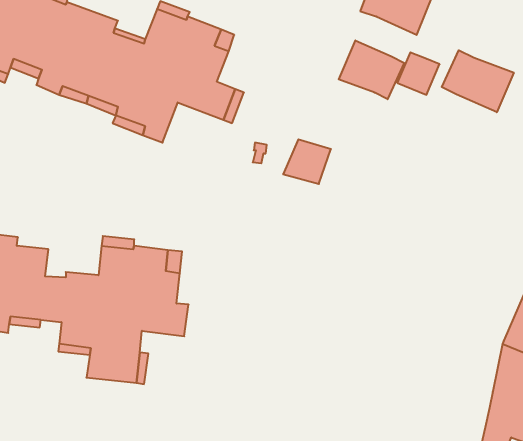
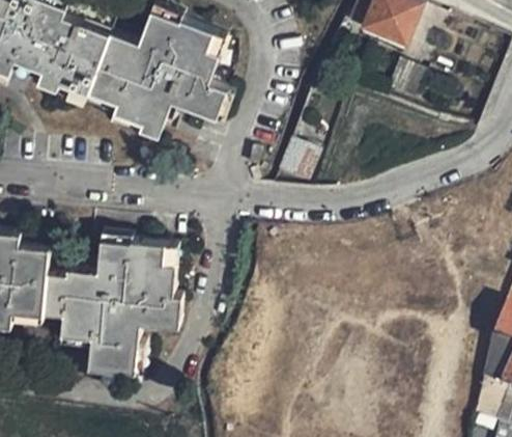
building: [339,40,404,99] -> none
building: [442,50,514,112] -> none

